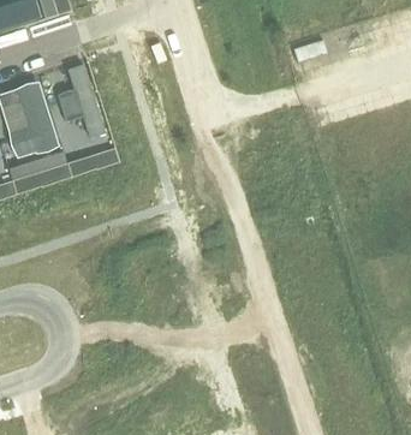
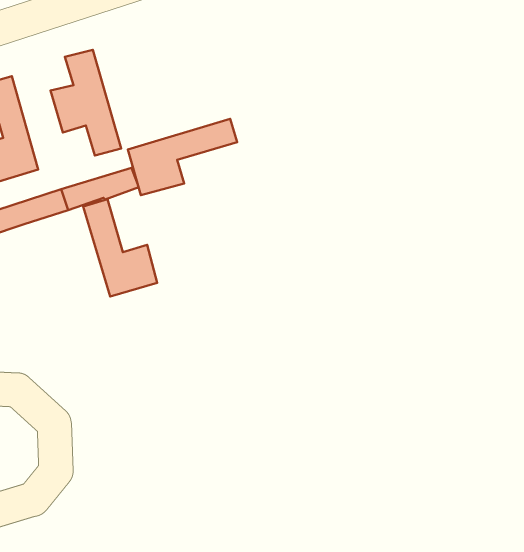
building: none -> [128,119,237,195]
building: none -> [83,199,157,296]

